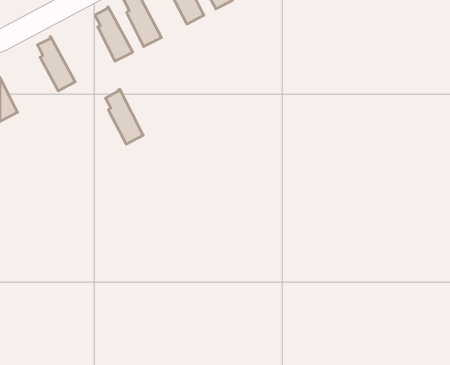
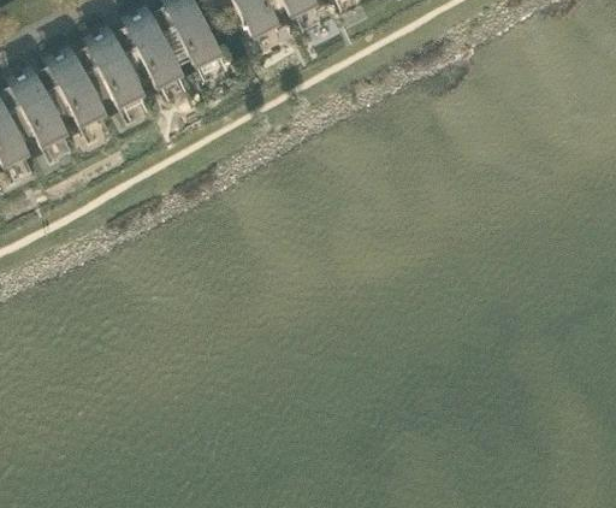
building: none -> [14,70,65,143]
building: [105,89,143,144] -> [91,30,142,104]

